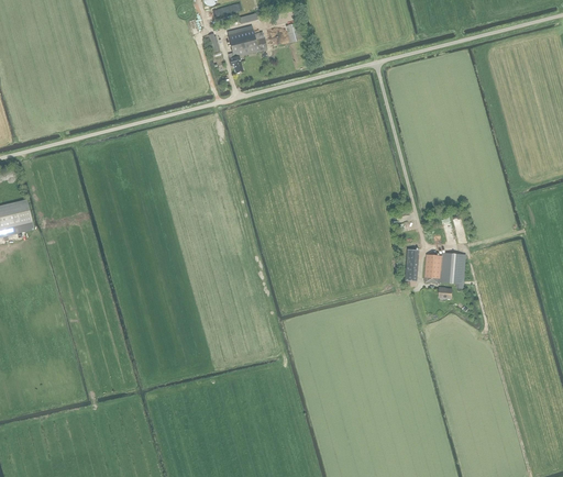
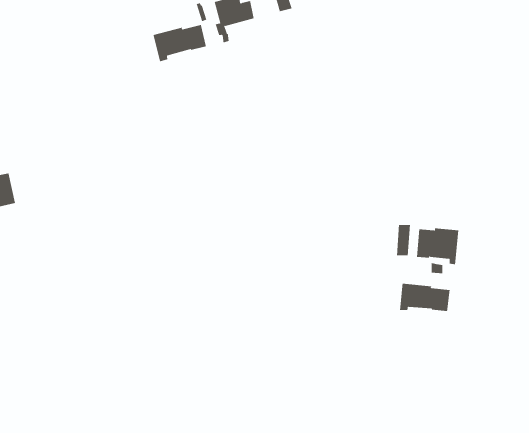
building: none -> [153,24,206,62]
building: none -> [399,283,450,312]

